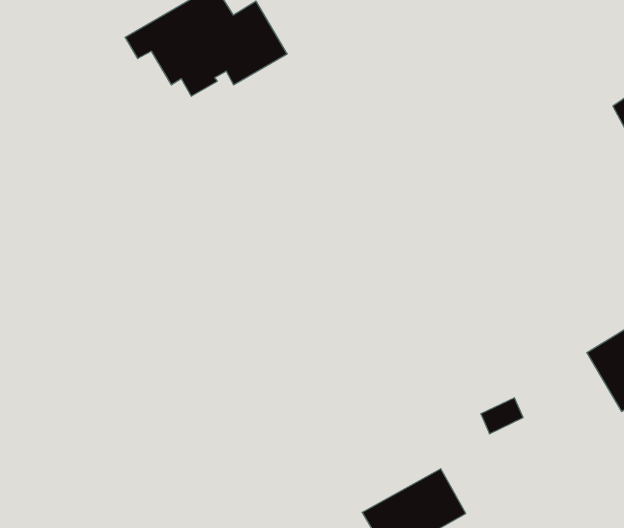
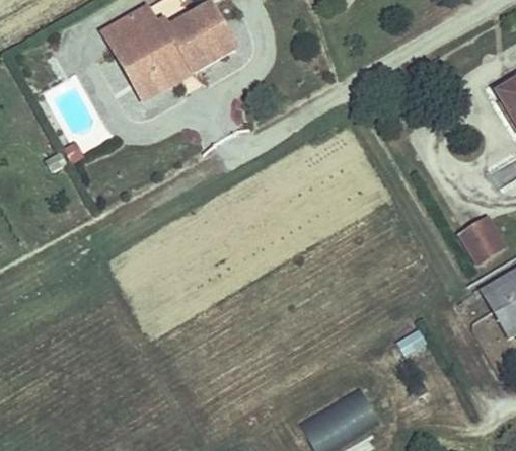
building: none -> [115,46,193,101]
building: none -> [461,219,503,262]

